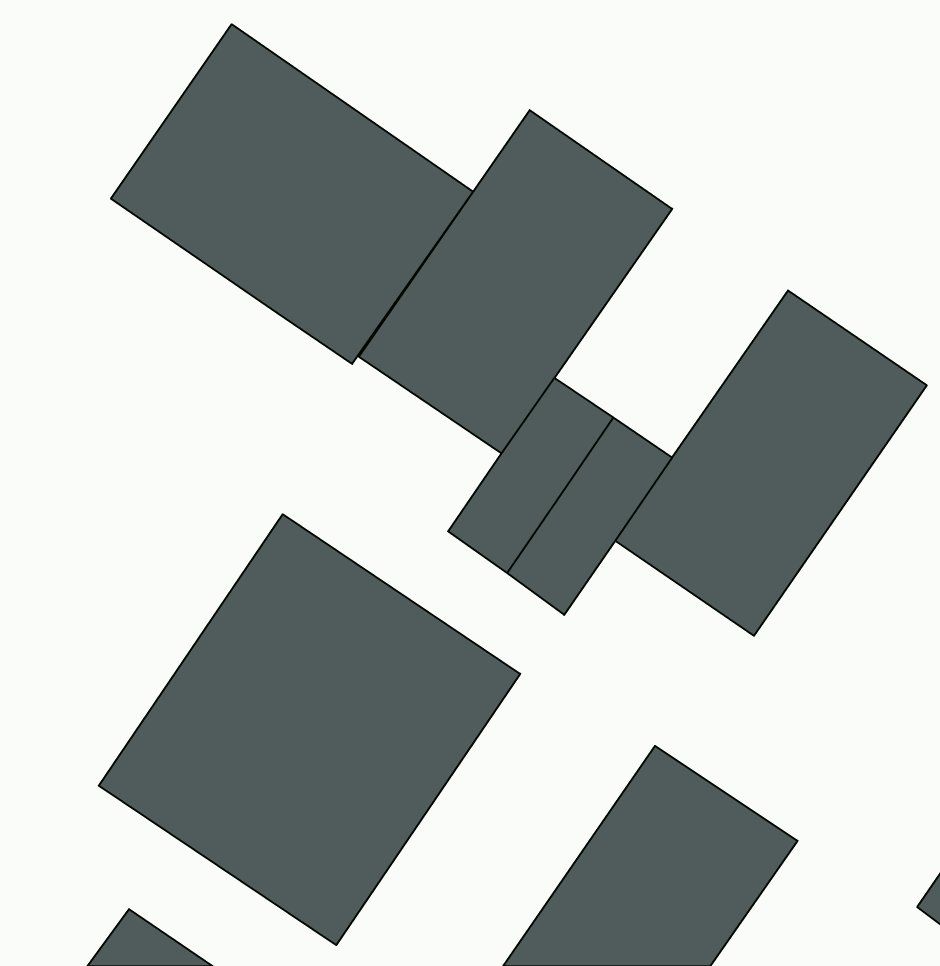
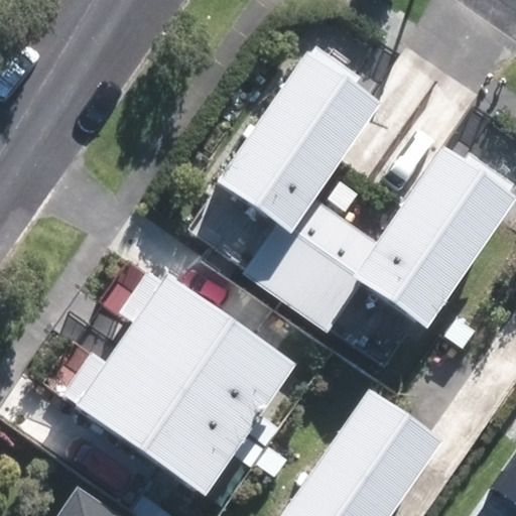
building: [111,24,473,364] -> none

